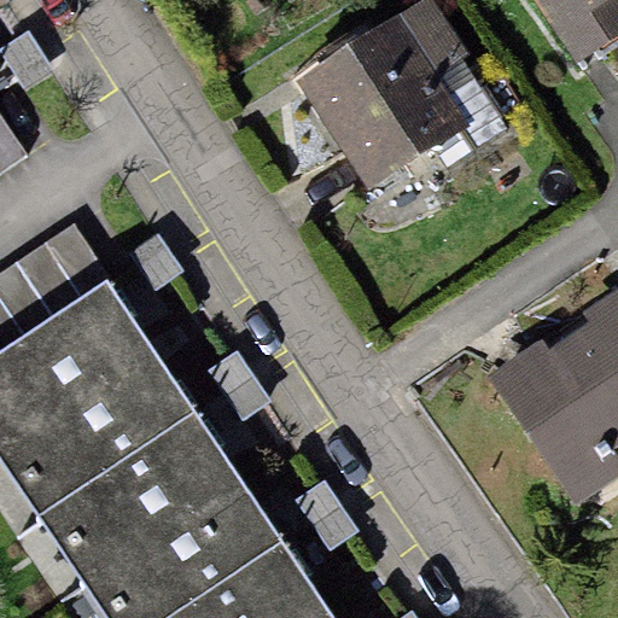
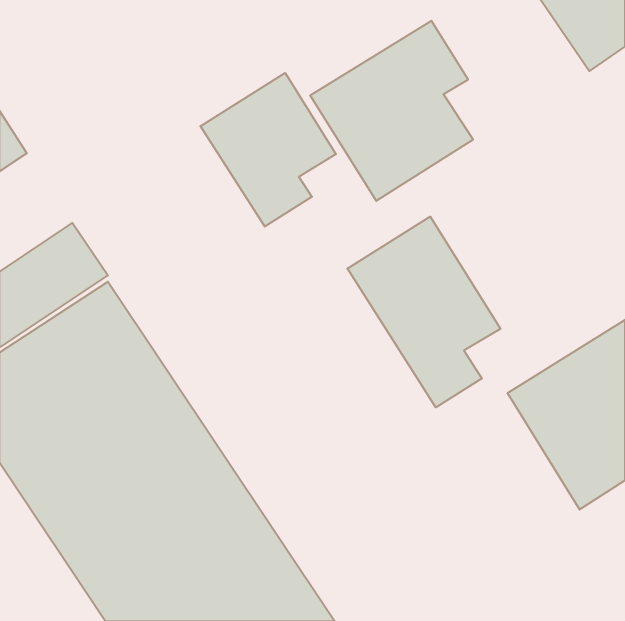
building: none -> [200,73,336,227]
building: none -> [347,217,500,407]

